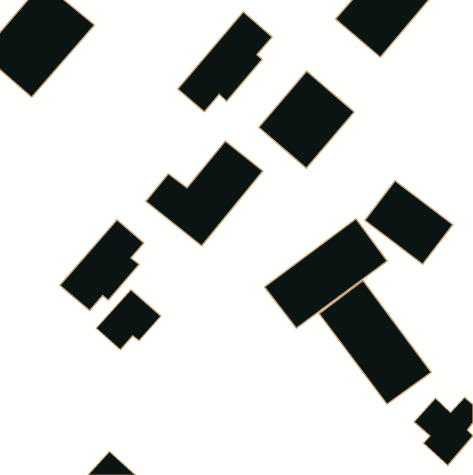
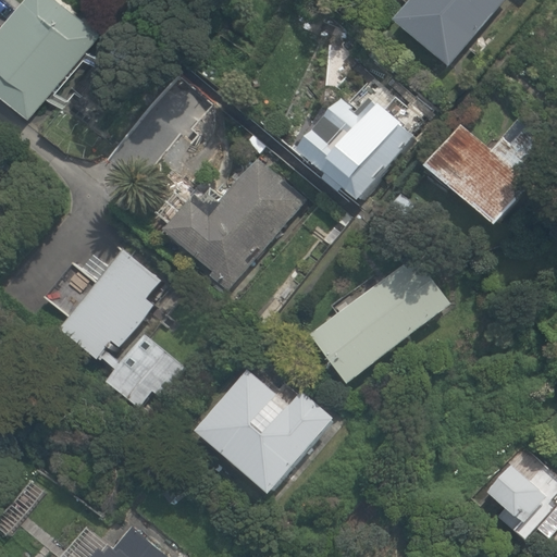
building: [178,12,272,112] -> none
building: [365,181,453,264] -> [420,126,522,223]
building: [319,280,431,404] -> none
building: none -> [191,368,330,492]

